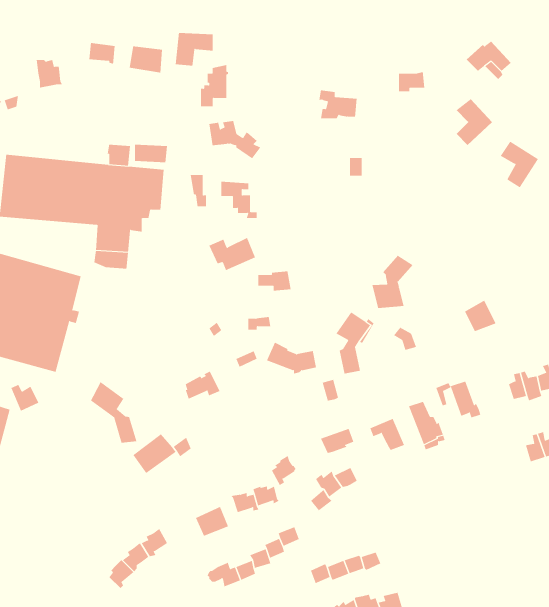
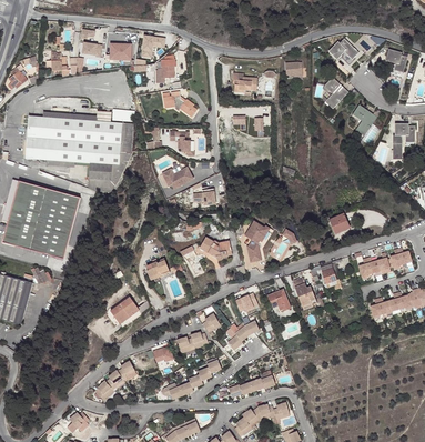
building: [372,255,413,309] -> none
building: [90,381,137,443] -> none

